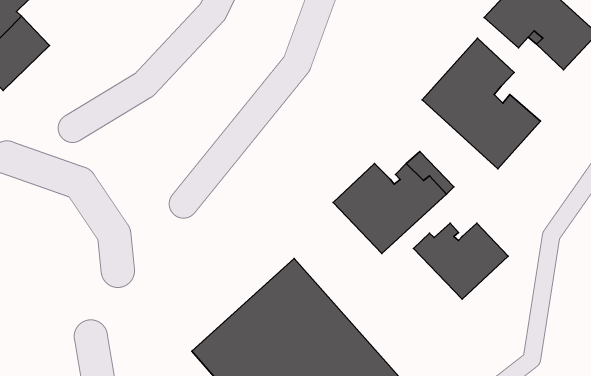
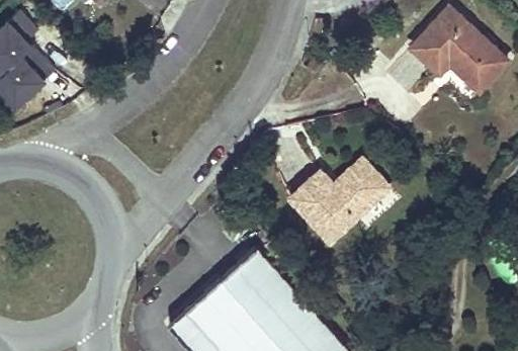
building: [422,38,540,169] -> none
building: [413,223,508,299] -> none

